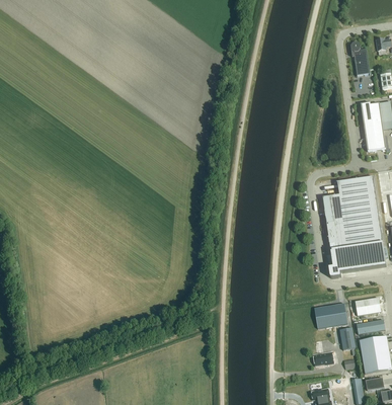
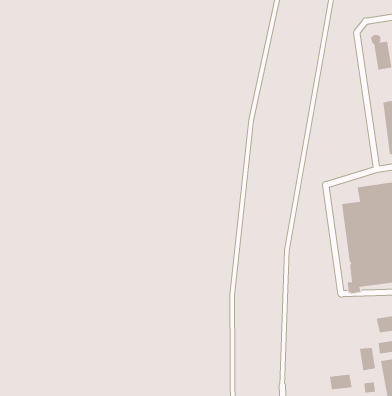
building: [314,302,347,327] -> none

